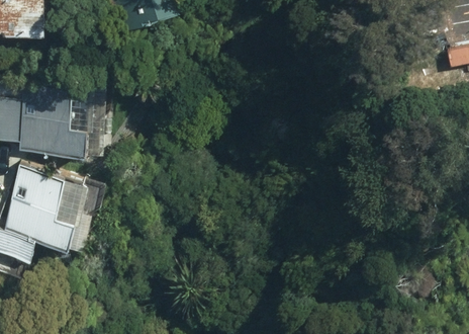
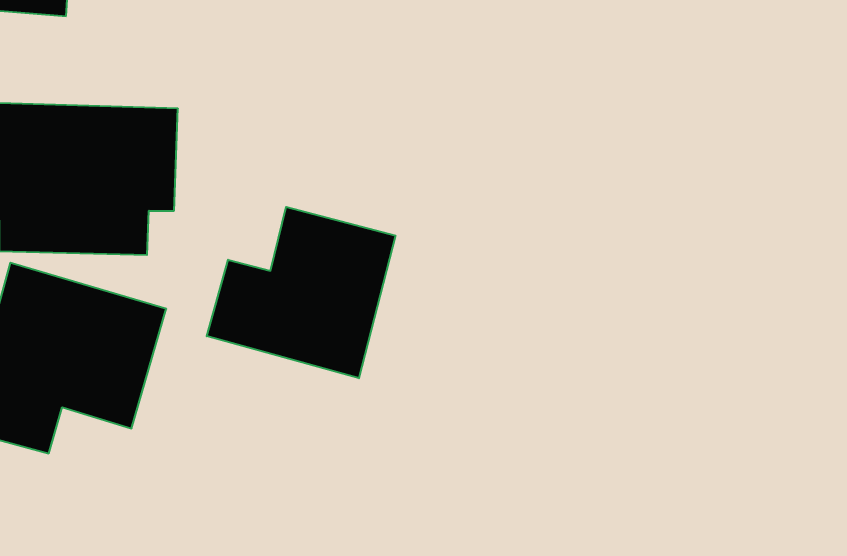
building: none -> [207,207,395,378]

